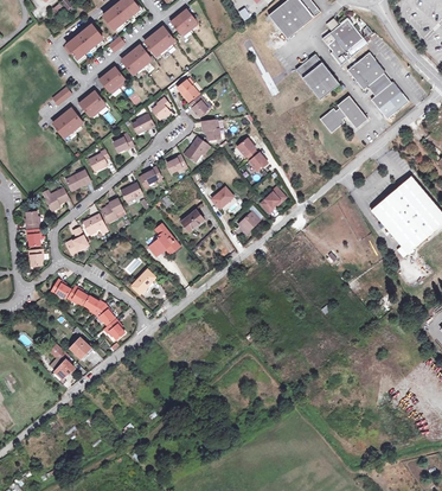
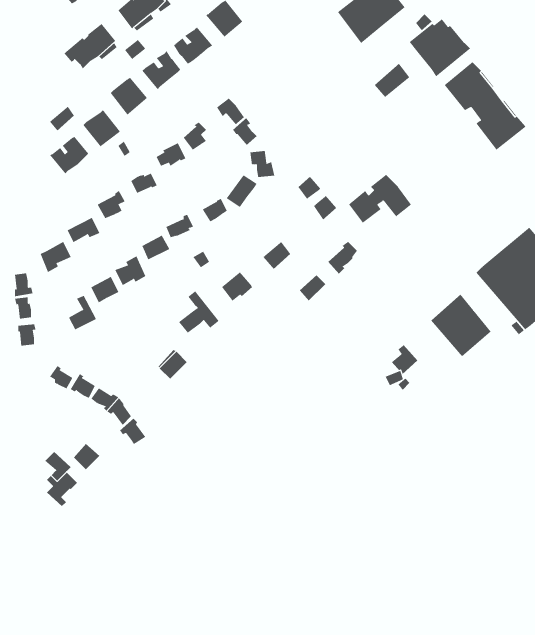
building: [303,64,339,100] -> none
building: [320,96,367,133] -> [348,174,412,223]
building: none -> [431,294,492,357]

